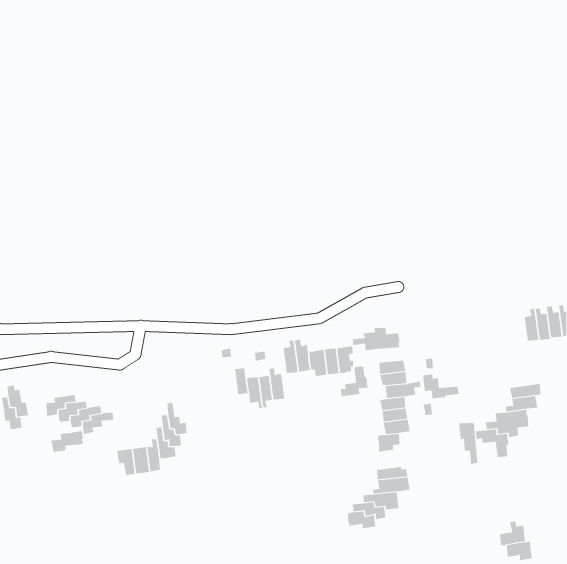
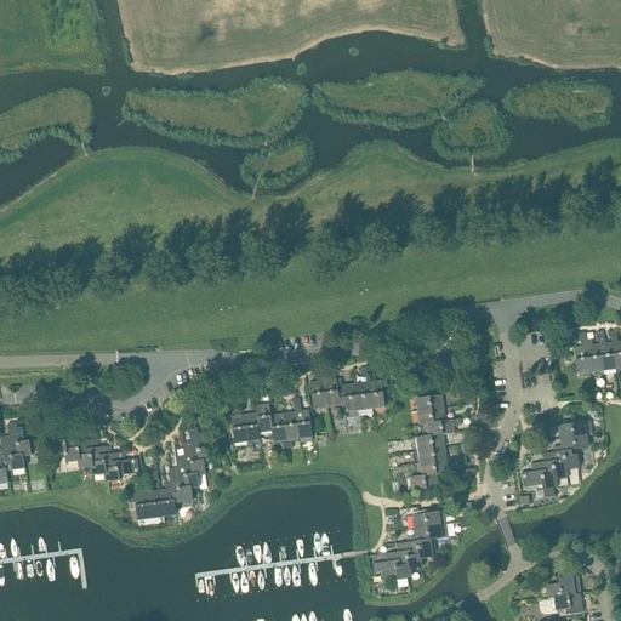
building: [352,327,400,351] -> none
building: [340,366,368,397] -> none
building: [422,374,459,400] -> none
building: none -> [227,411,261,443]
building: none -> [188,427,212,463]
building: [458,422,478,465] -> none
building: [50,430,84,453] -> [102,457,138,482]

